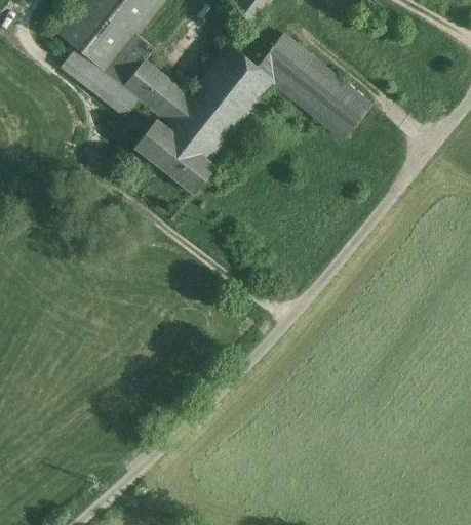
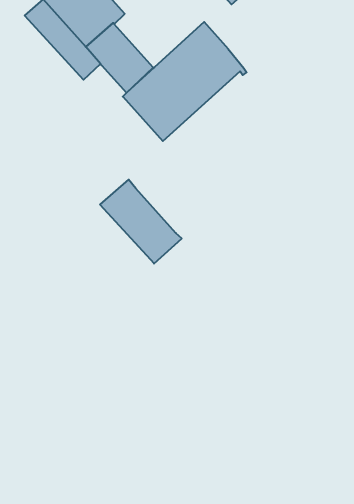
building: [258,36,371,139] -> none
building: [135,120,217,194] -> [100,180,182,264]

